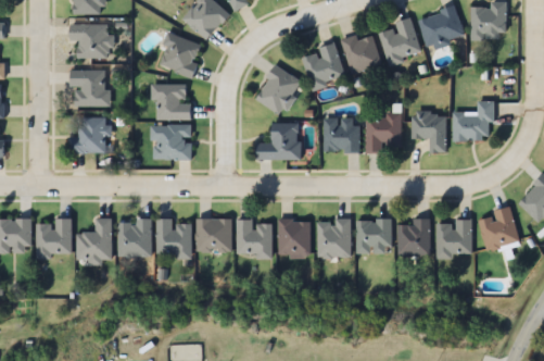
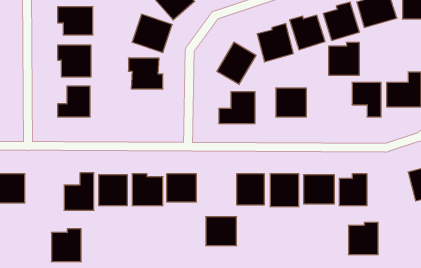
building: [365,112,401,150] -> [329,42,359,75]
building: [152,124,192,159] -> none
building: [37,219,72,257] -> [51,229,81,262]
building: [437,220,471,257] -> [348,223,378,254]
building: [237,222,273,256] -> [206,217,237,246]

